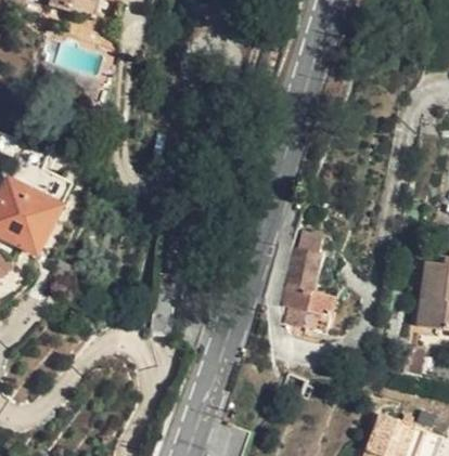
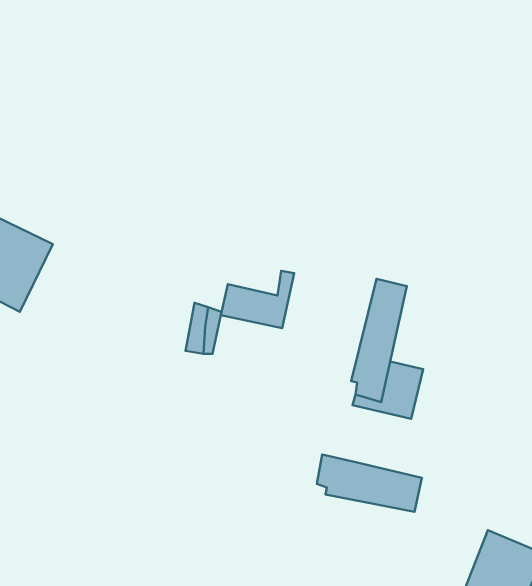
building: none -> [221,271,294,328]
building: none -> [317,455,422,512]

